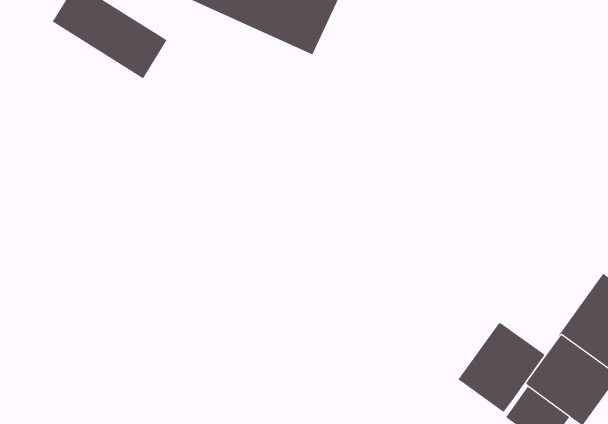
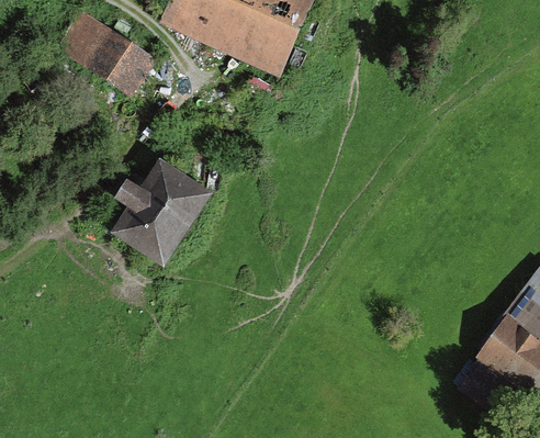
building: none -> [113,158,221,268]
building: [457,322,545,413] -> none

